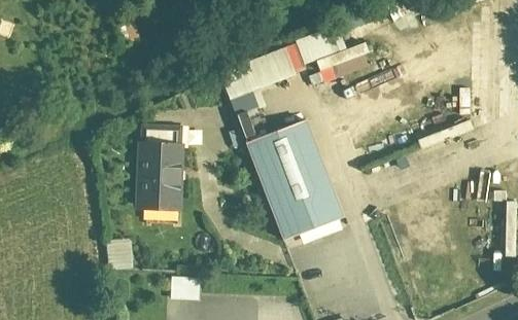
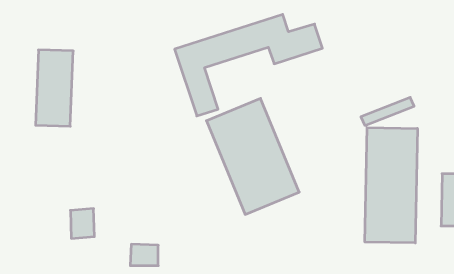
building: [141,127,181,208] -> [36,50,73,126]
building: none -> [365,128,417,243]

